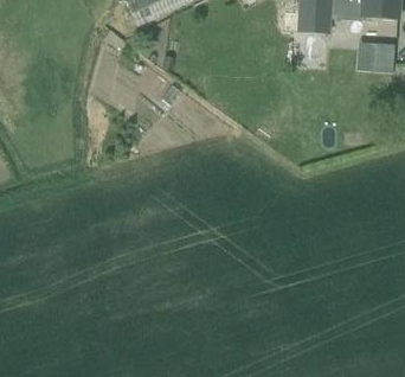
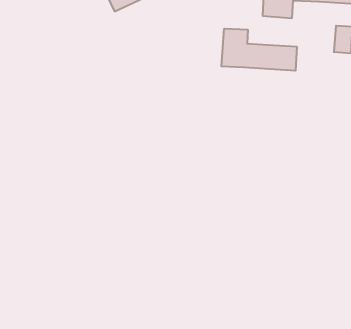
building: none -> [222,29,297,71]

